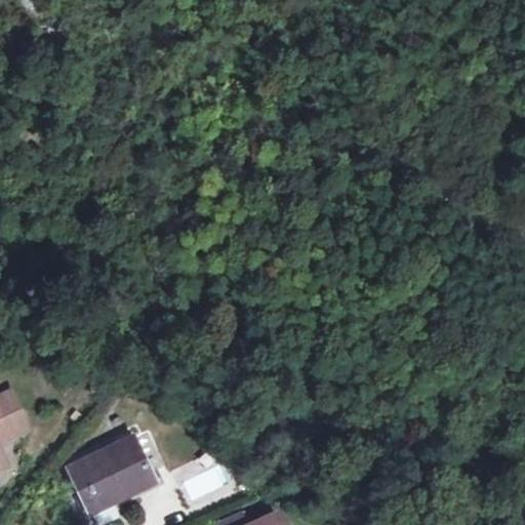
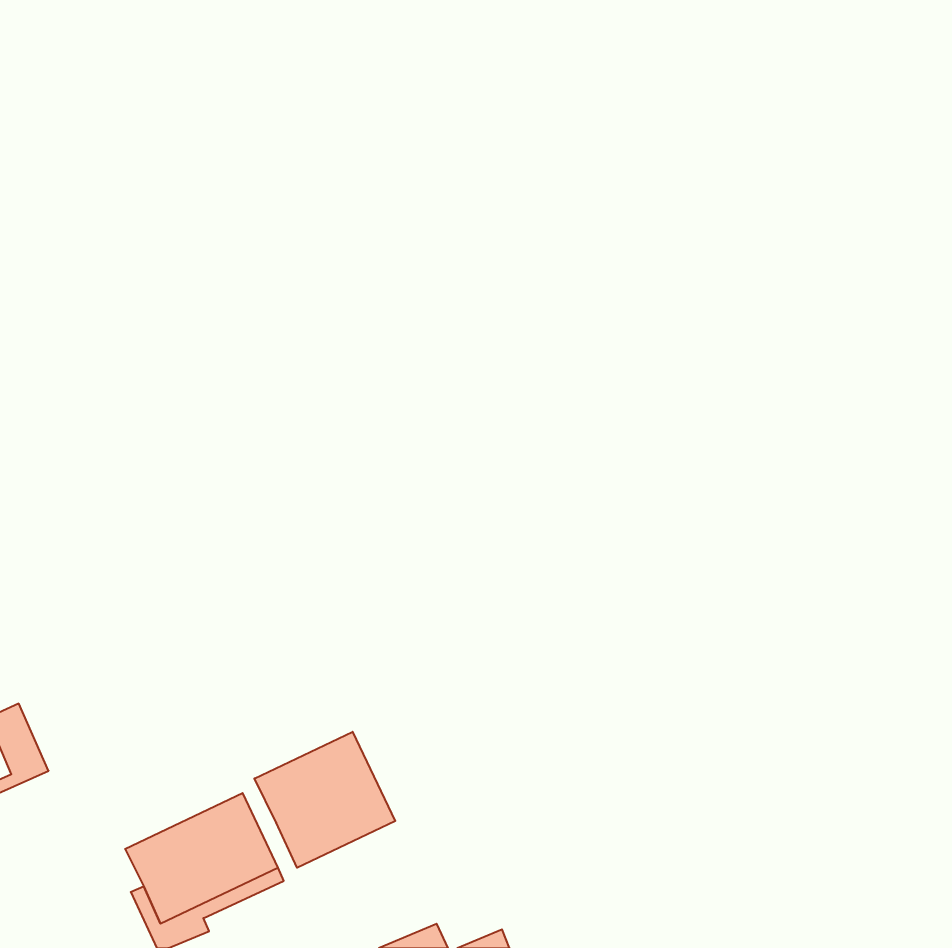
building: none -> [254,732,395,868]

